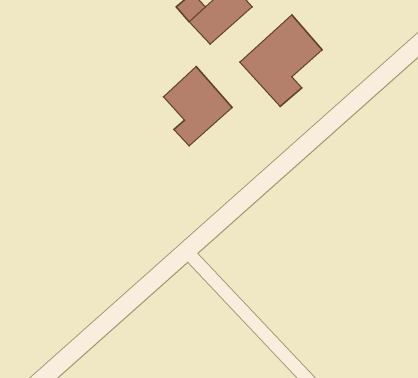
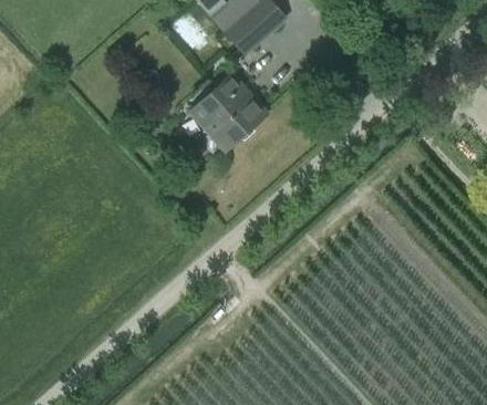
building: [240,15,322,107] -> none

